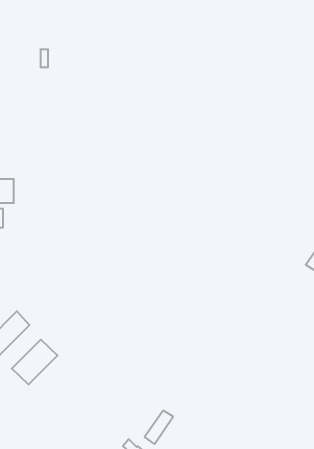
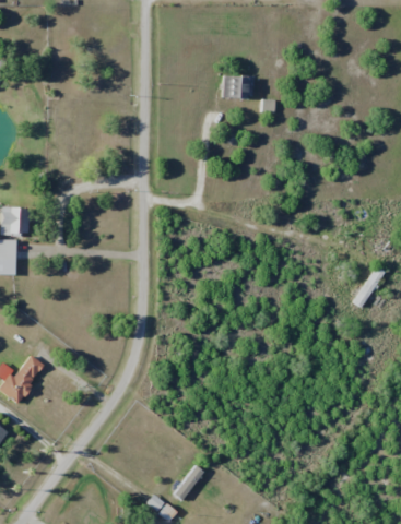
building: none -> [223,75,247,98]
building: [12,340,58,385] -> none

